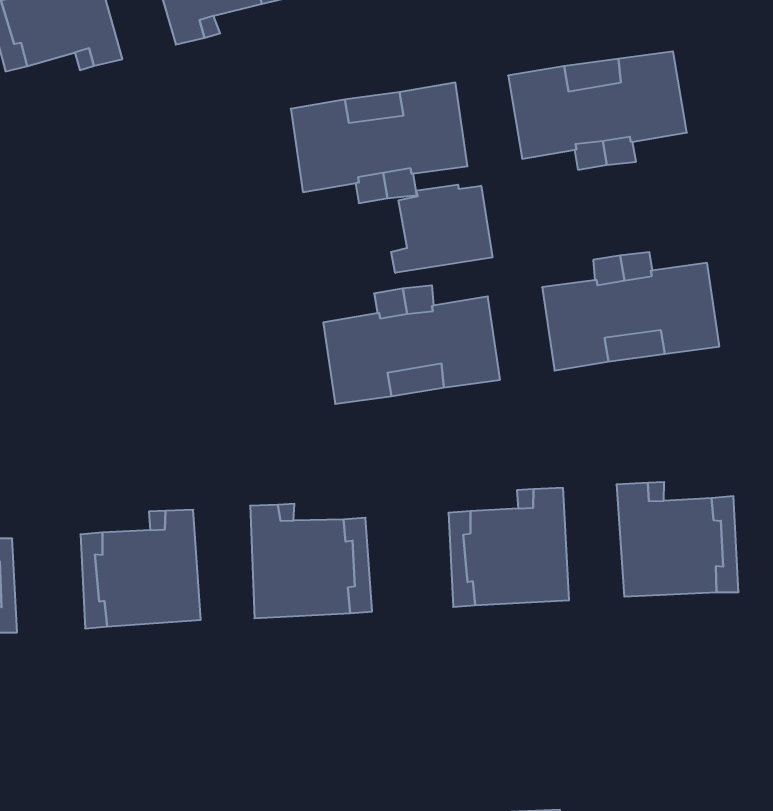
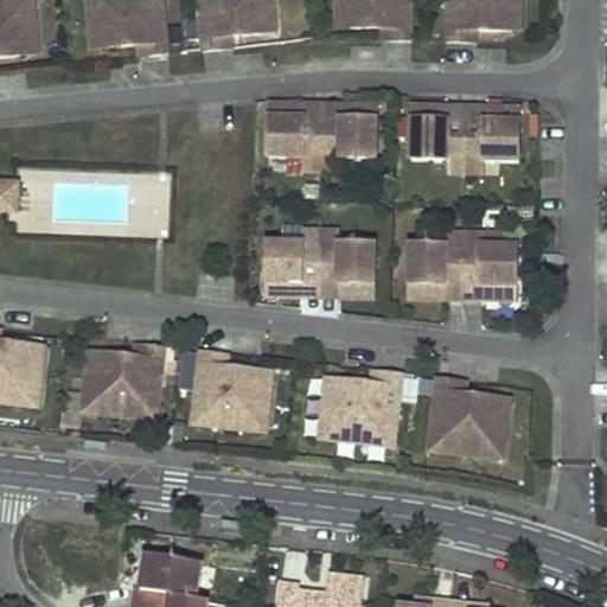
building: [391,185,492,273] -> none

